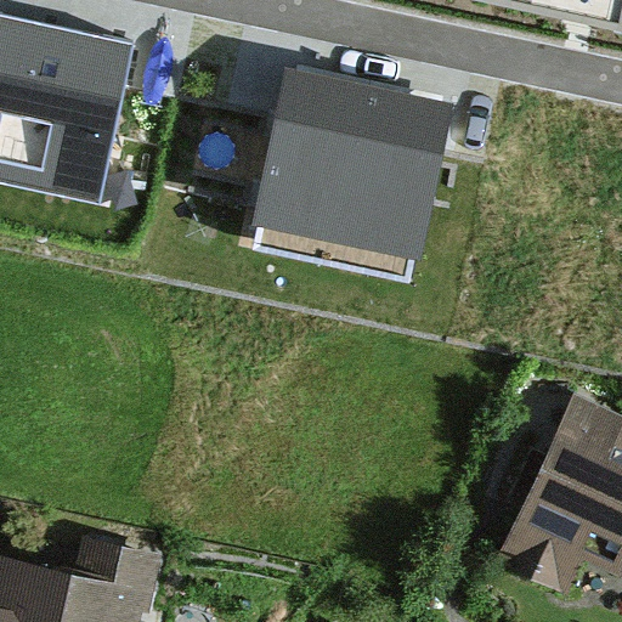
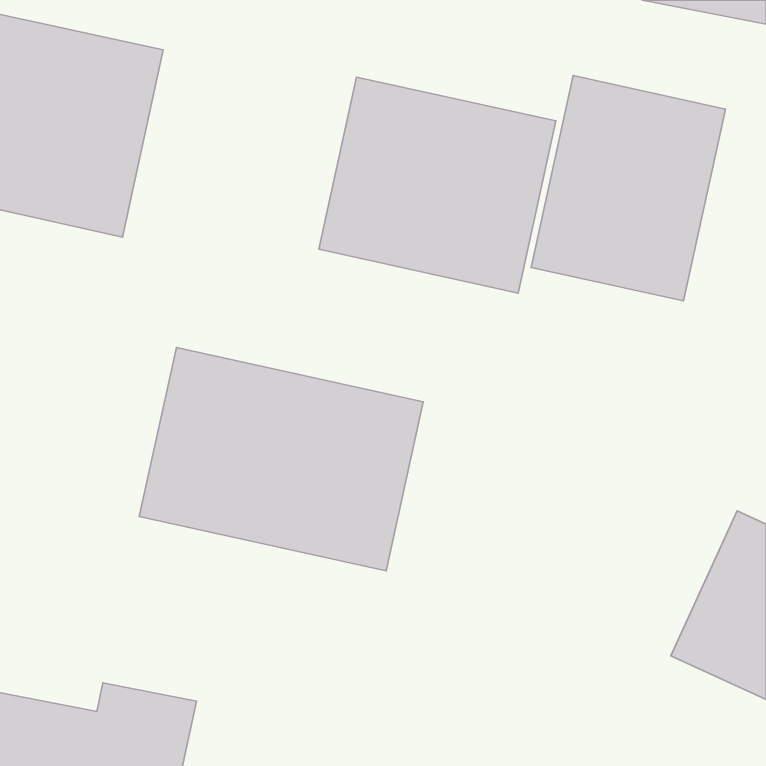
building: none -> [531,76,726,301]
building: none -> [139,348,423,571]

